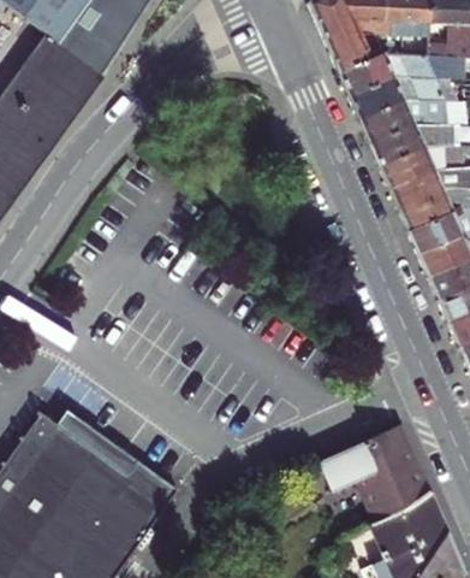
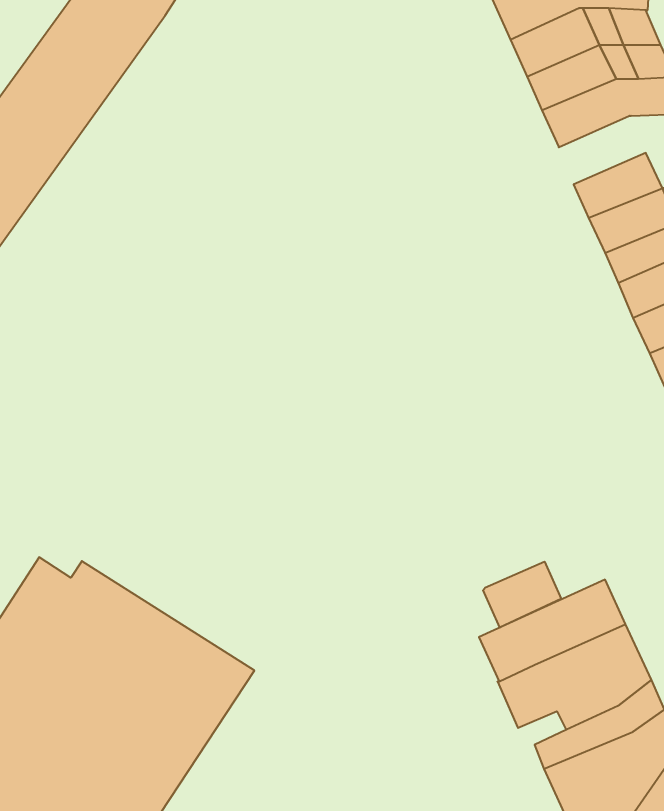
building: [371,122,428,166] -> none
building: none -> [483,562,561,628]

